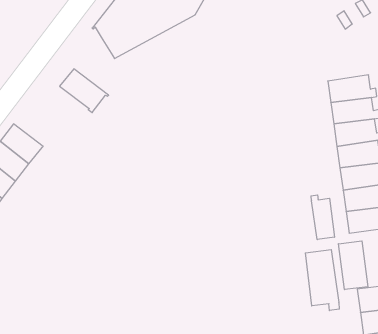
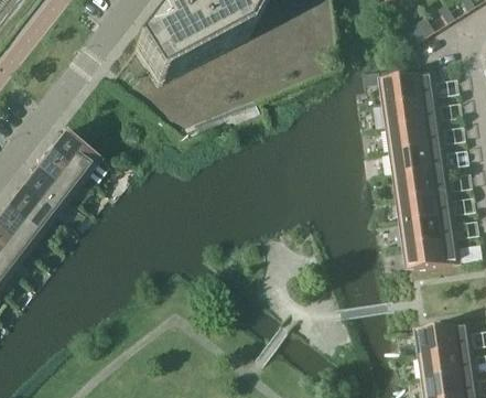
building: none -> [386,69,439,101]
building: [60,69,109,113] -> [50,129,102,176]
building: [311,195,334,240] -> none
building: [338,241,368,290] -> none
building: [305,250,339,311] -> none

